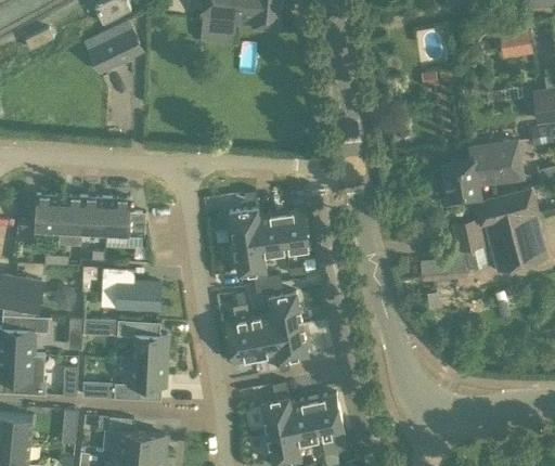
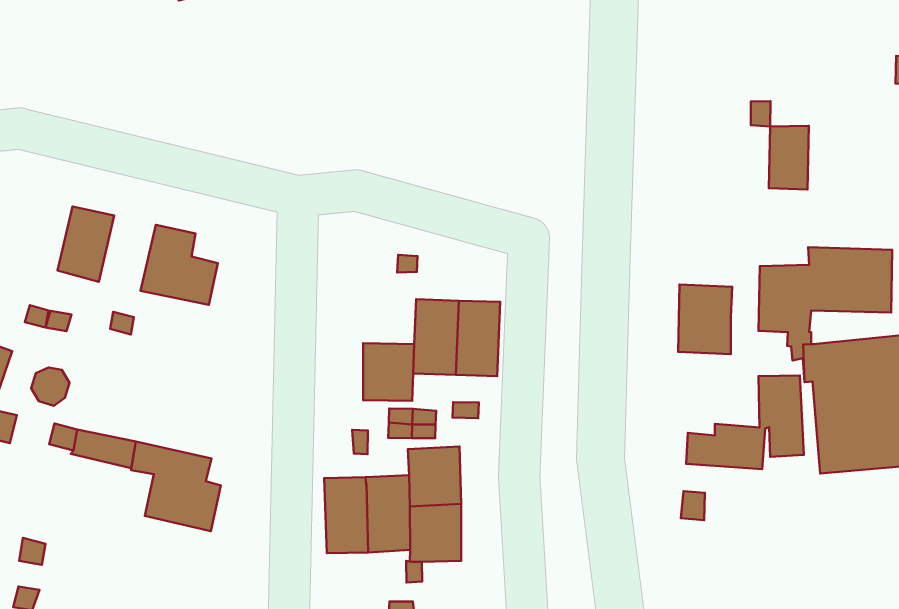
building: none -> [769,126,809,190]
building: none -> [678,284,732,354]
building: [34,195,60,233] -> none
building: [81,197,107,236] -> none
building: [229,208,261,244] -> none
building: [101,268,160,309] -> none
building: [82,360,167,401] -> none

